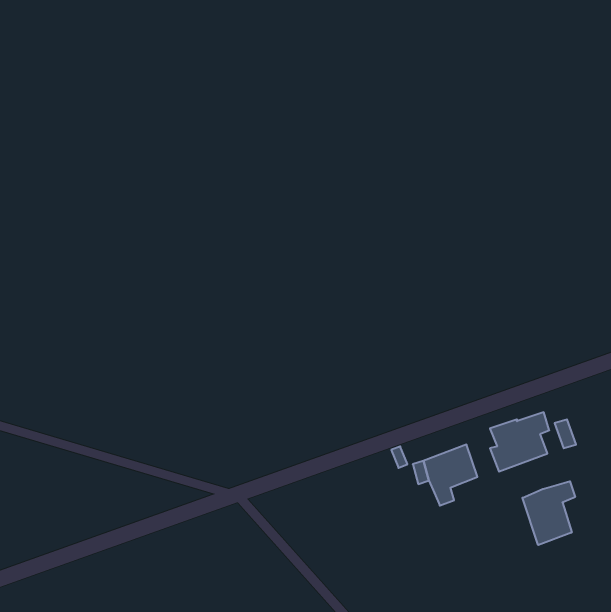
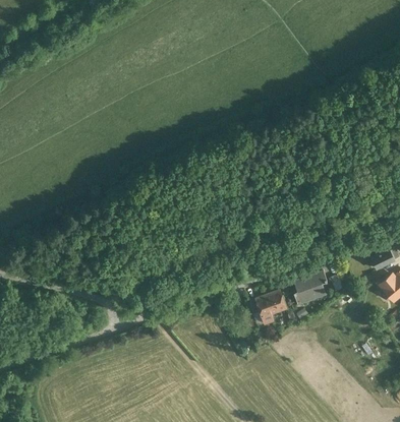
building: [522,481,575,545] -> none

